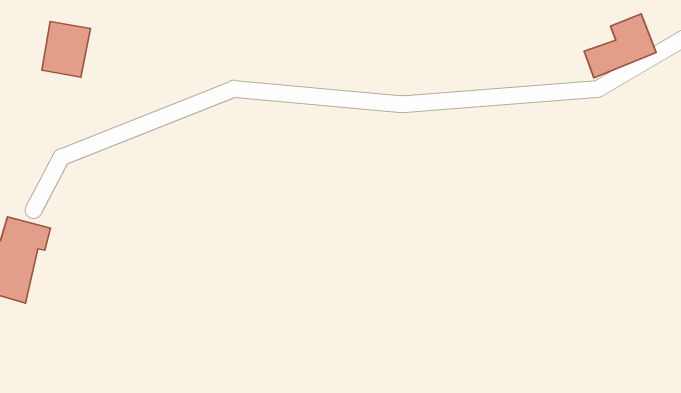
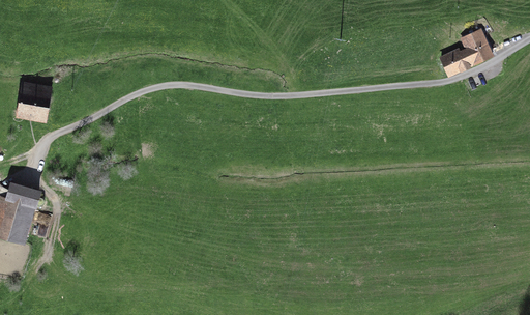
building: [42,21,91,77] -> [14,84,51,125]

